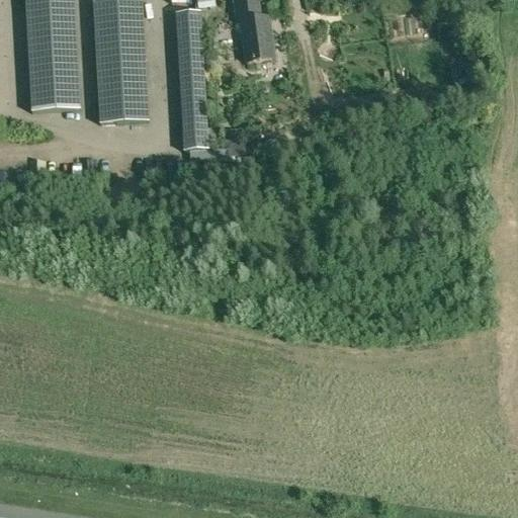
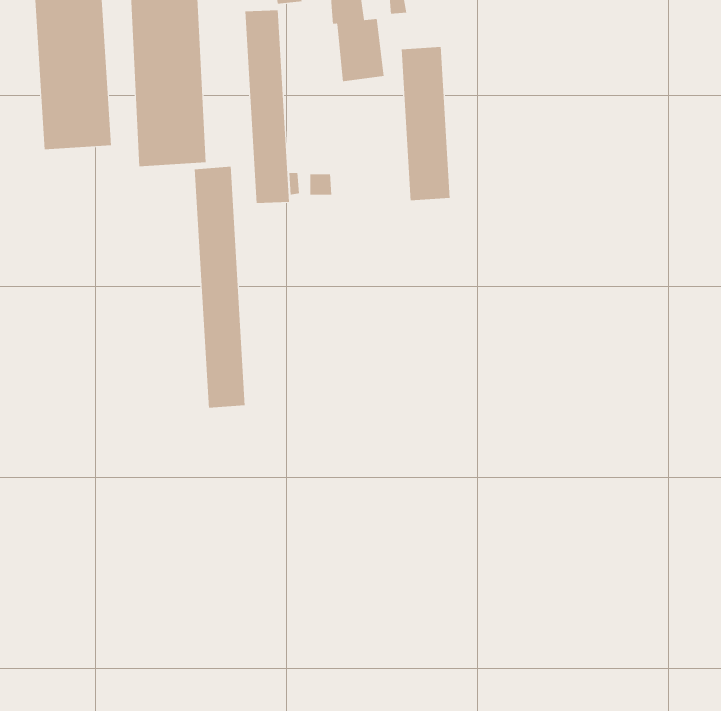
building: none -> [401,46,450,201]
building: none -> [194,166,245,409]

